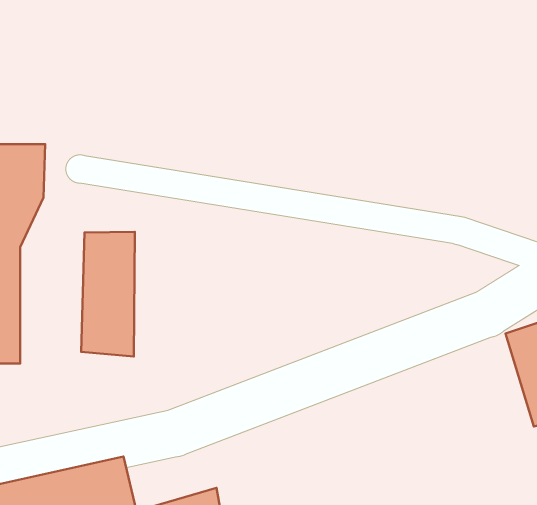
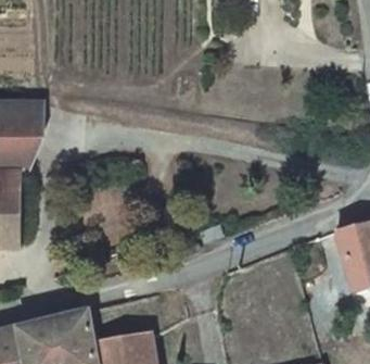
building: [81,232,135,356] -> none

